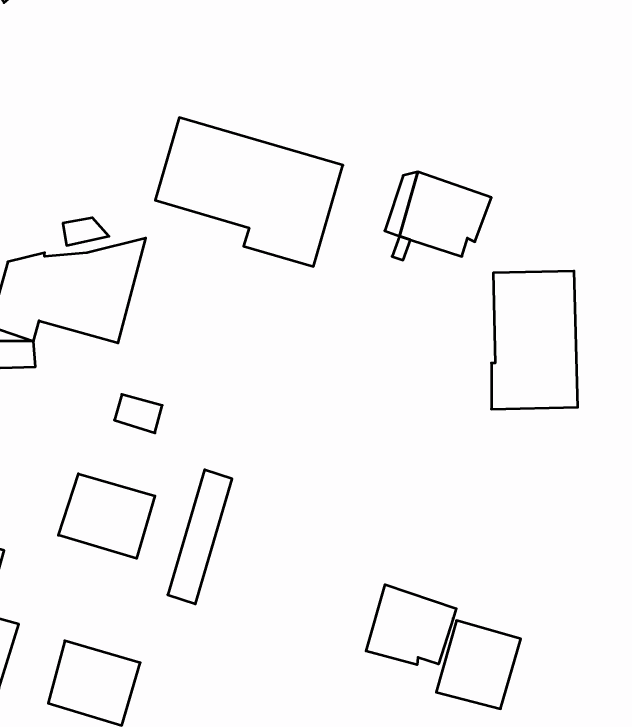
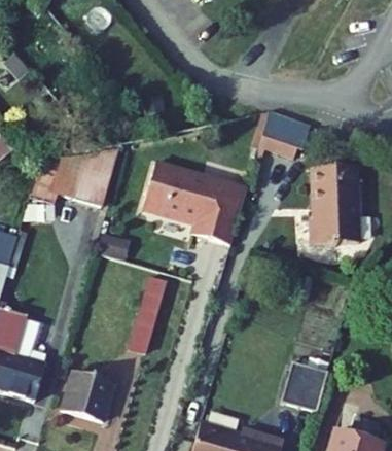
building: [155,118,343,266] -> [142,161,247,244]
building: [58,474,155,558] -> none
building: [366,585,456,665] -> none

